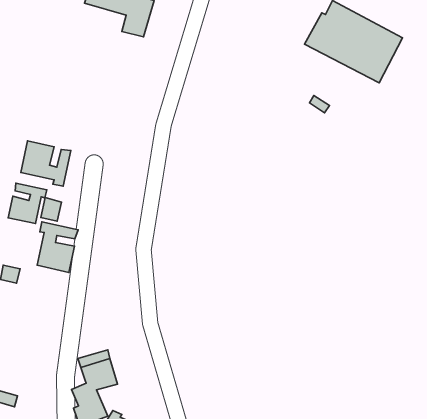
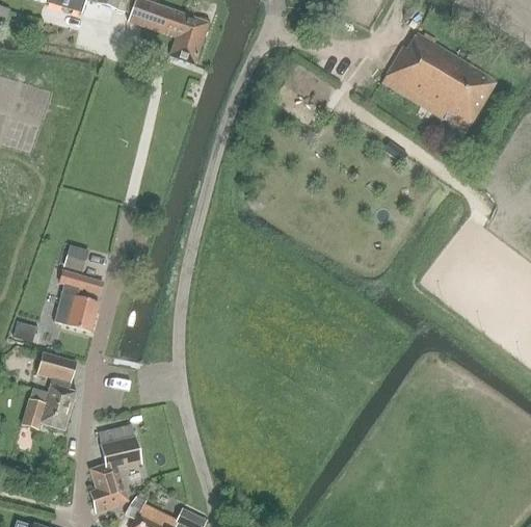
building: [21,141,71,186] -> none
building: [8,183,47,223] -> none
building: none -> [21,352,75,428]

